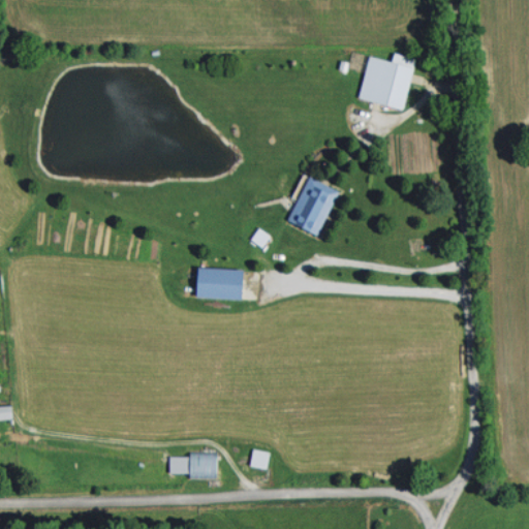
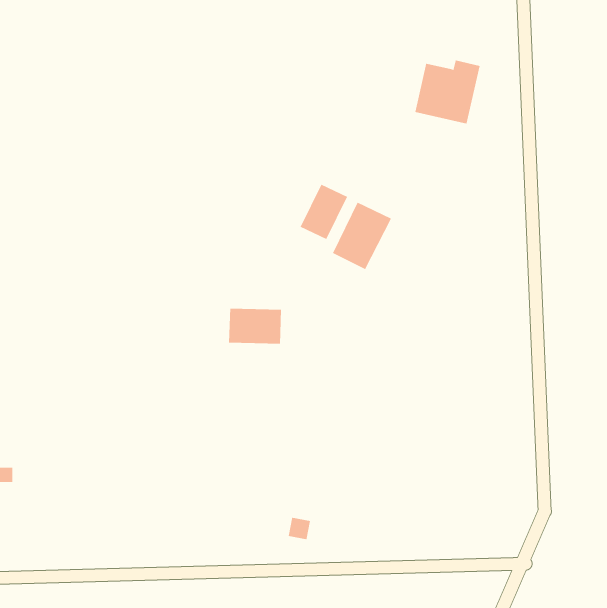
building: none -> [300,184,348,240]
building: [169,453,217,479] -> none

